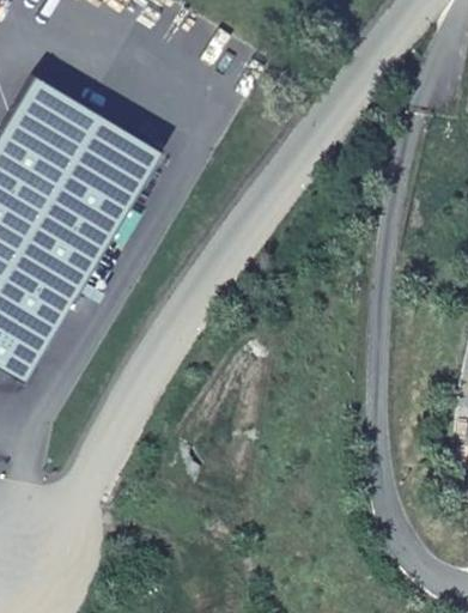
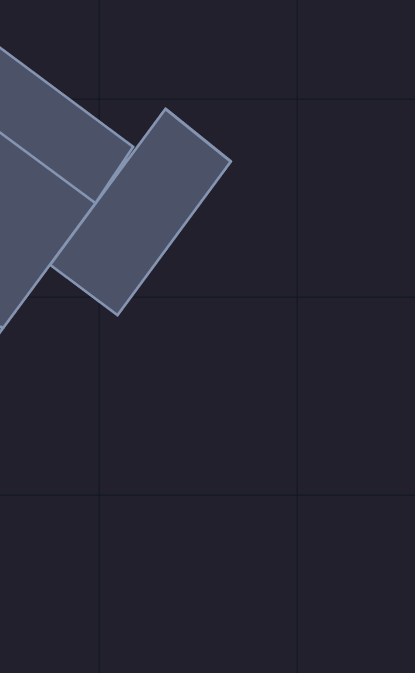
building: none -> [50,109,231,315]

